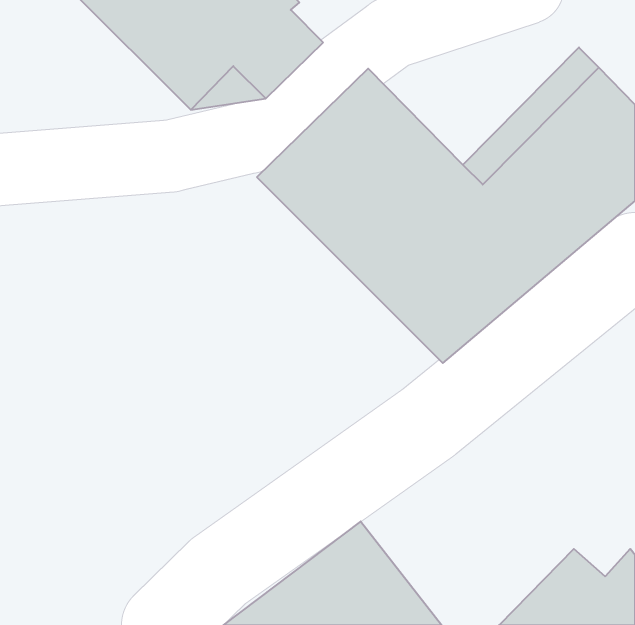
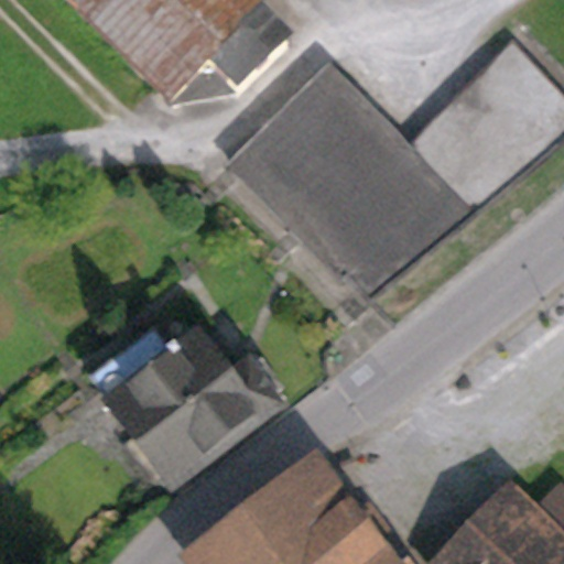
building: none -> [89,325,281,479]

